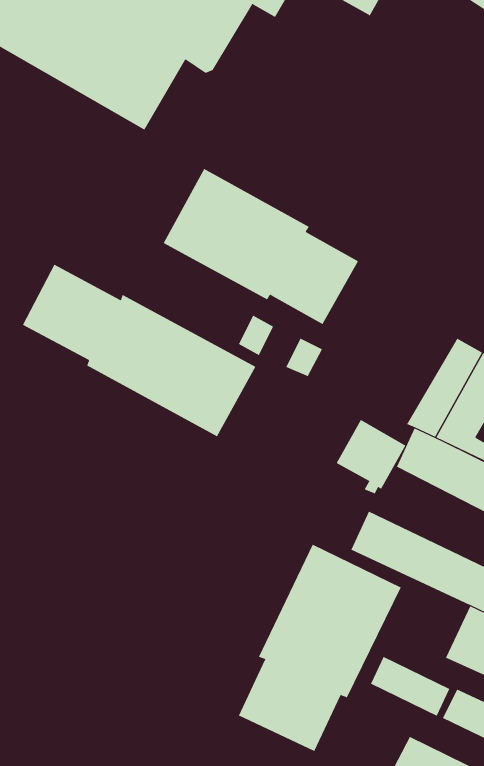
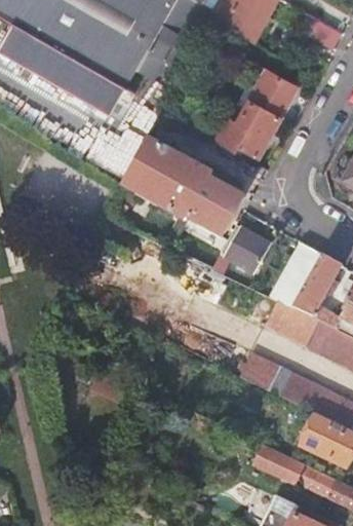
building: none -> [215,65,296,156]
building: [22,264,256,437] -> none
building: [336,419,406,494] -> [225,227,269,274]
building: [238,544,401,752] -> none

